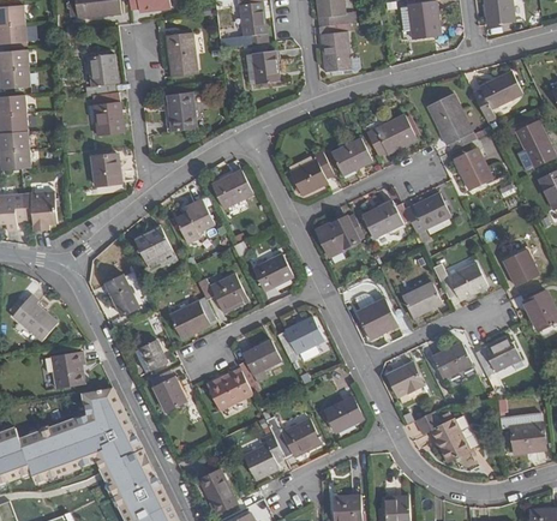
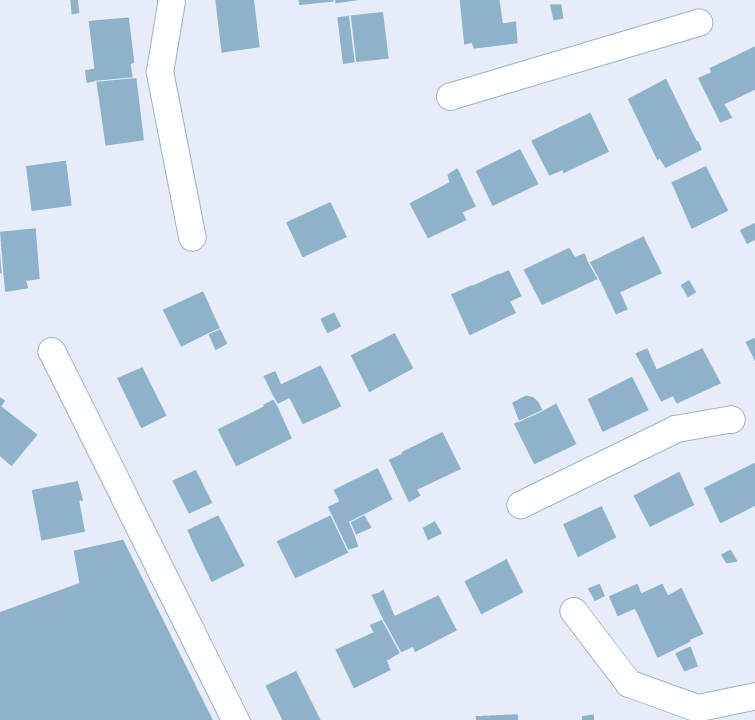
building: [167,92,202,131] -> none
building: [90,154,120,186] -> [25,160,73,211]
building: [174,198,212,242] -> none

